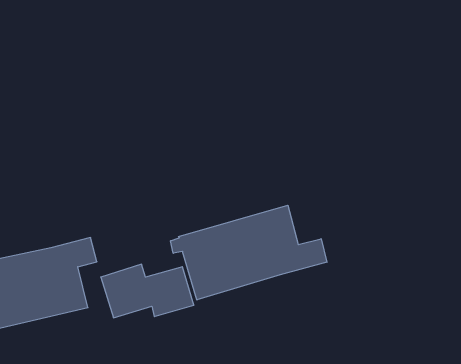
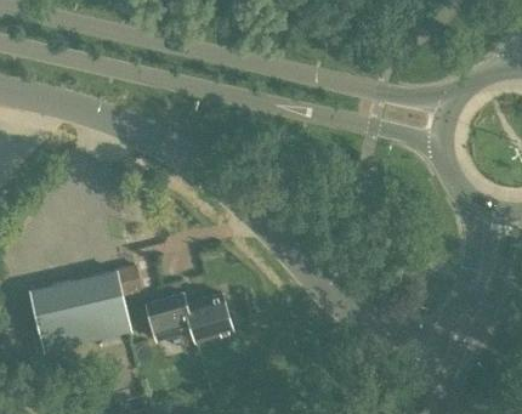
building: [171,205,327,300] -> none

